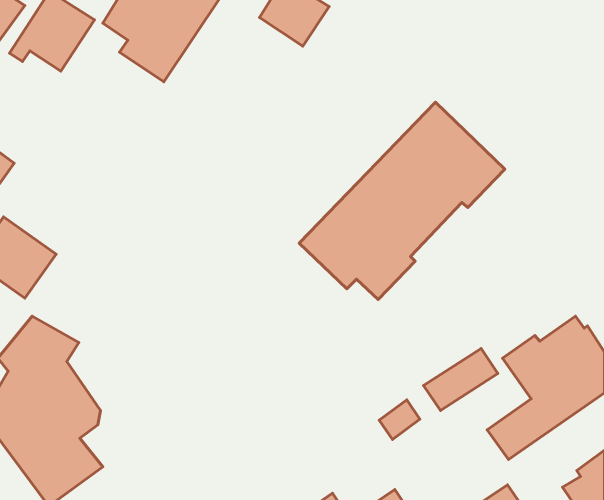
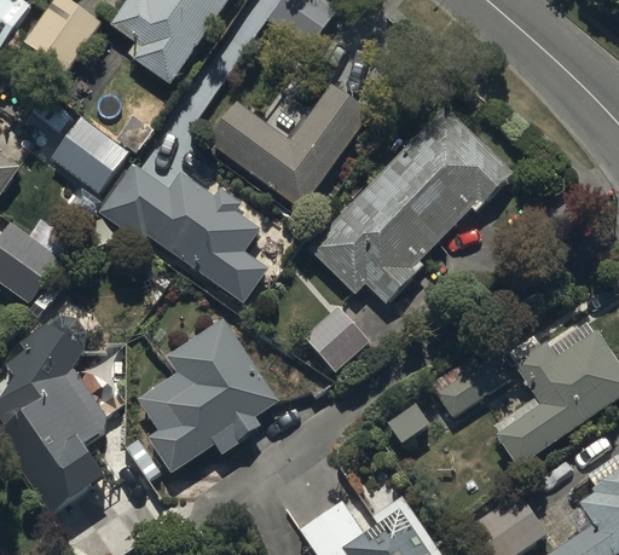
building: none -> [206,82,370,209]
building: none -> [52,117,127,190]
building: none -> [96,162,268,302]
building: none -> [301,303,370,371]
building: none -> [138,319,279,474]

